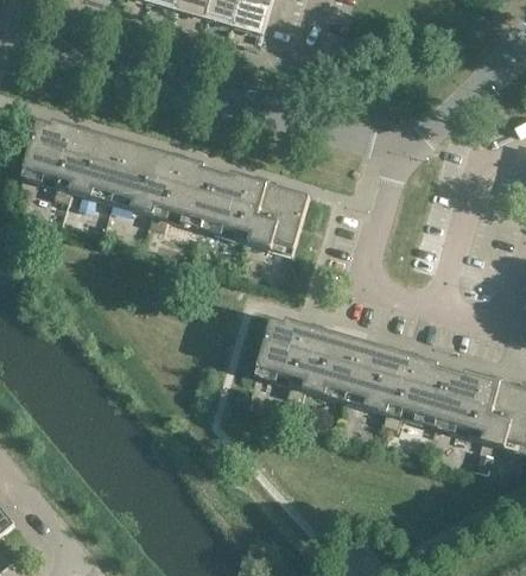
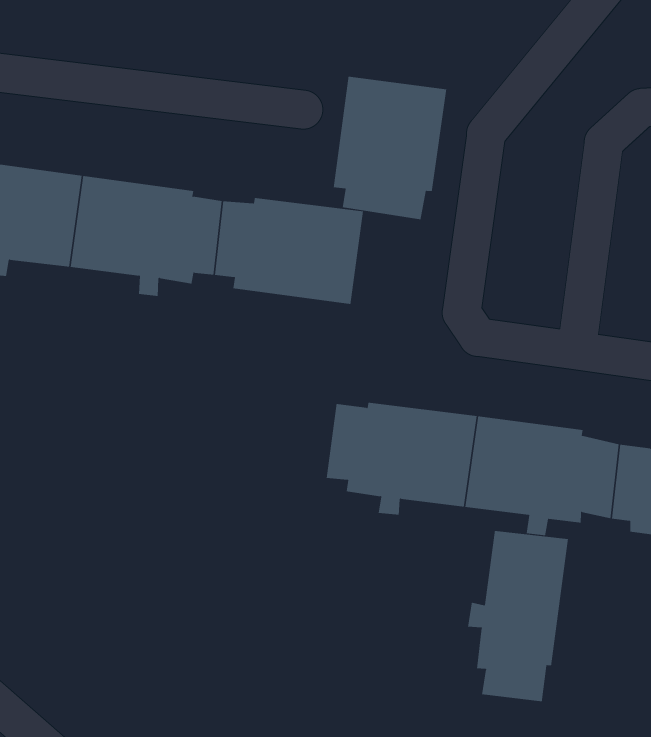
building: none -> [333,76,447,220]
building: none -> [468,530,569,702]

